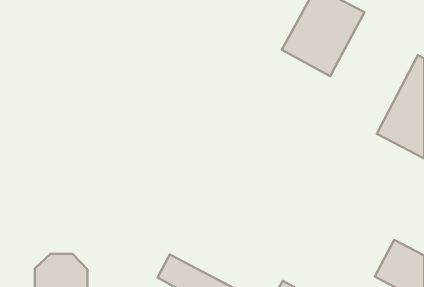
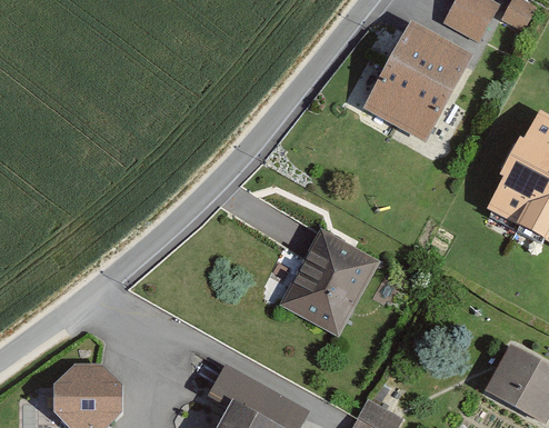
building: none -> [288,223,381,321]

